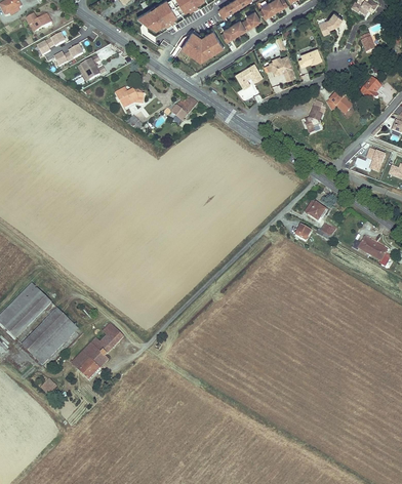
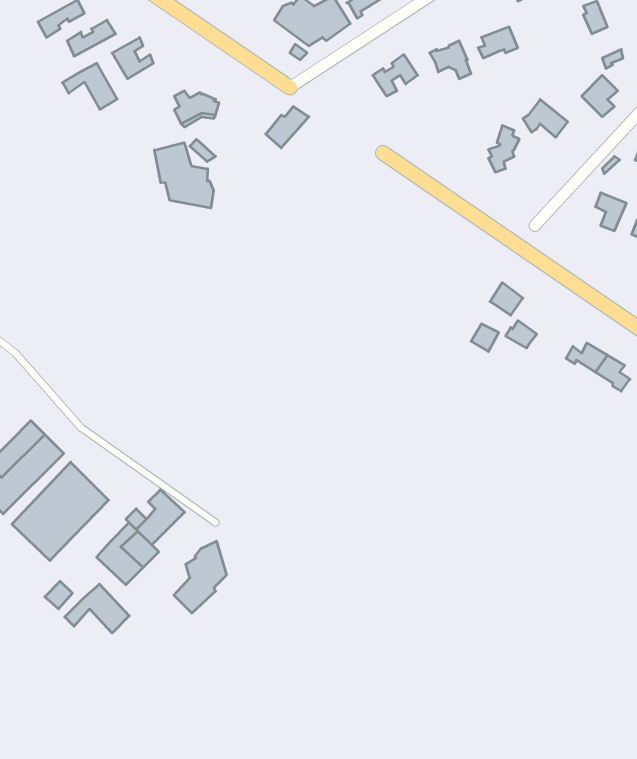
building: none -> [62,63,117,109]
building: none -> [154,143,213,208]
building: none -> [174,541,226,613]
building: none -> [65,584,129,633]

